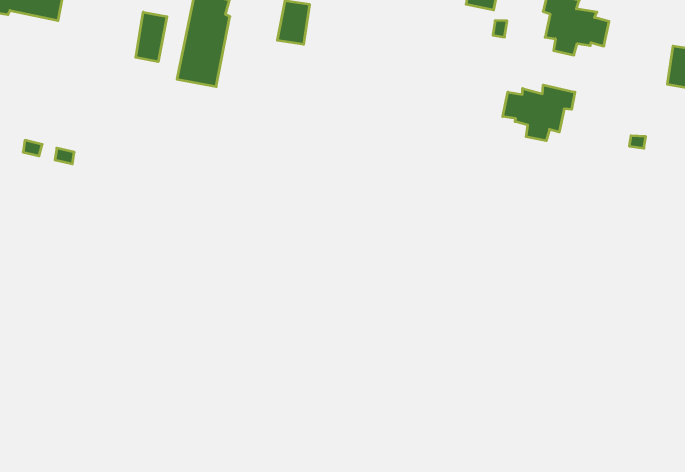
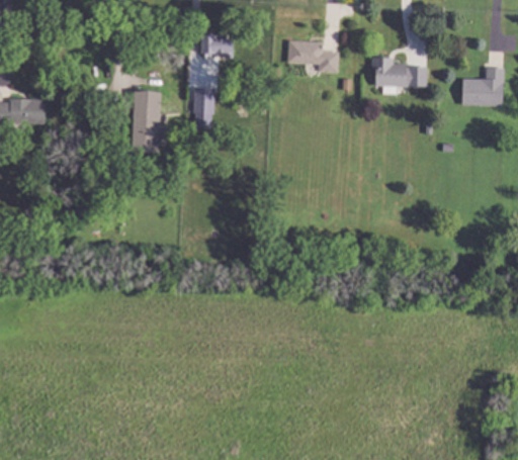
building: [136,12,167,62] -> none
building: [503,85,575,141] -> none

